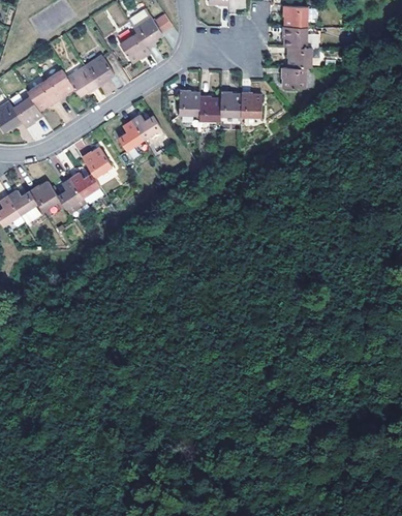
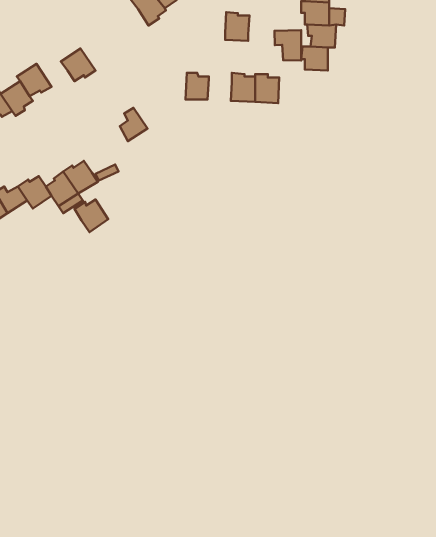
building: [118,33,149,62] -> none
building: none -> [275,30,301,60]
building: [84,57,113,88] -> none
building: [44,70,72,102] -> none
building: [197,95,219,121] -> [225,12,249,41]
building: [131,116,160,140] -> none
building: [81,150,111,179] -> [75,200,108,232]

